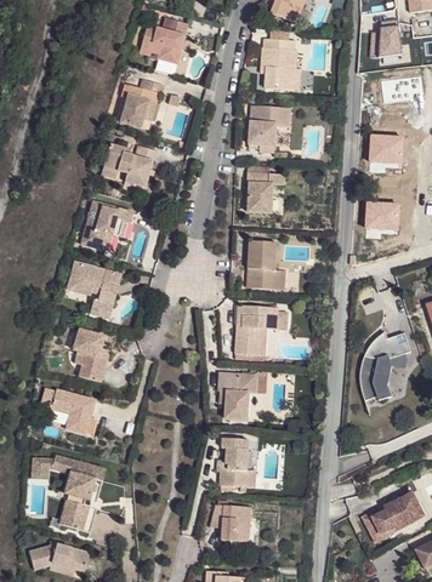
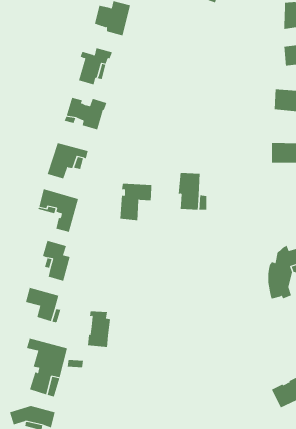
building: [260,38,295,89] -> none
building: [246,105,289,153] -> none
building: [245,172,283,213] -> none
building: [234,306,277,354] -> [119,183,152,221]
building: [217,371,256,418] -> none
building: [218,438,249,485] -> [87,311,111,347]
building: [211,503,250,540] -> none

